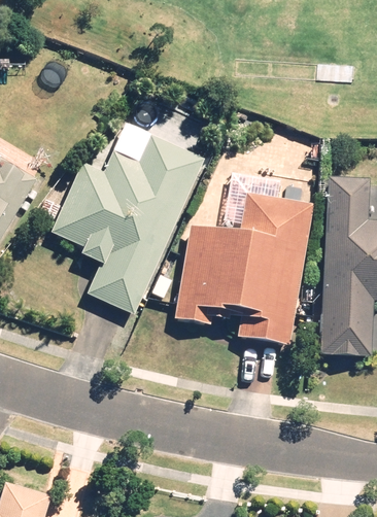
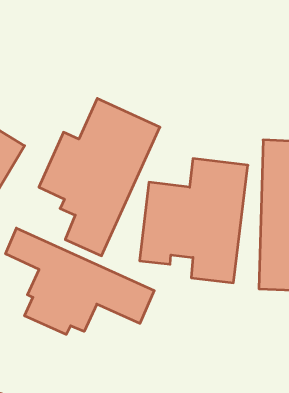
building: none -> [6,228,154,334]

